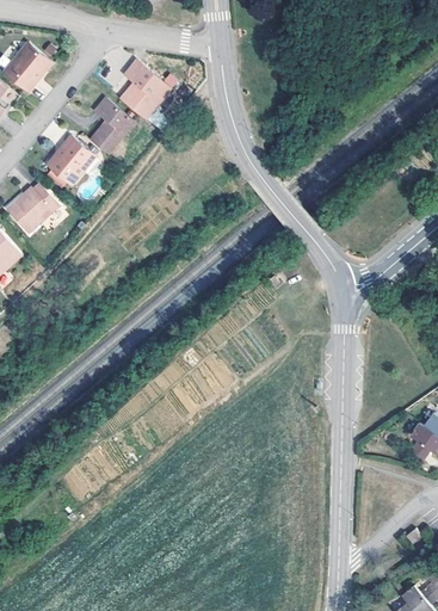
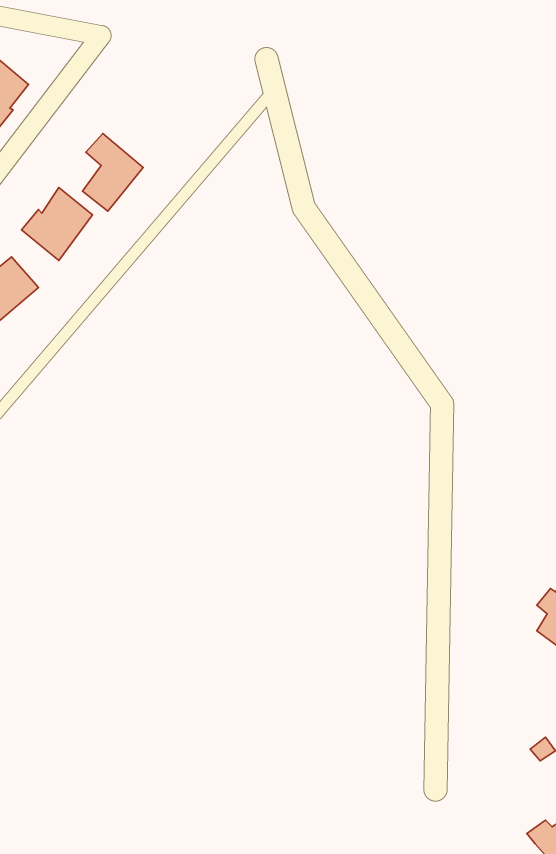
building: [119,58,171,116] -> none

